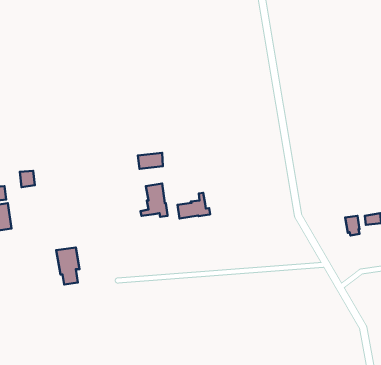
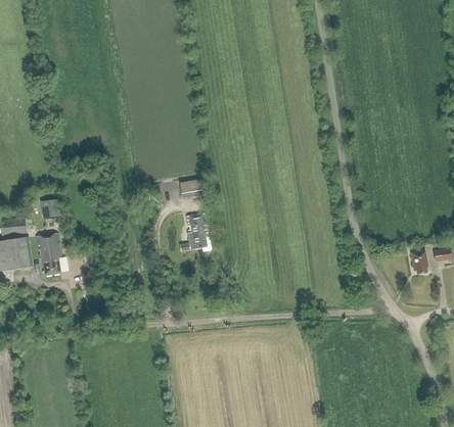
building: [178,193,210,219] -> none
building: [56,247,80,284] -> [36,233,62,275]

